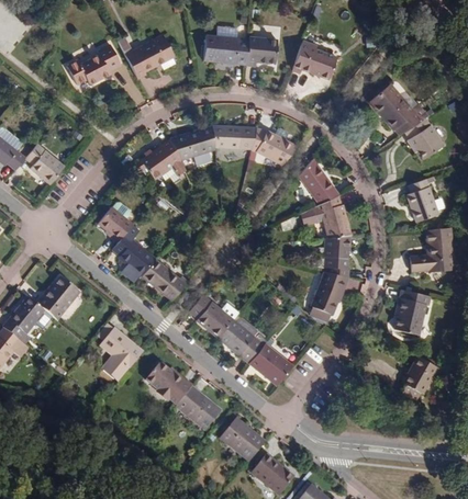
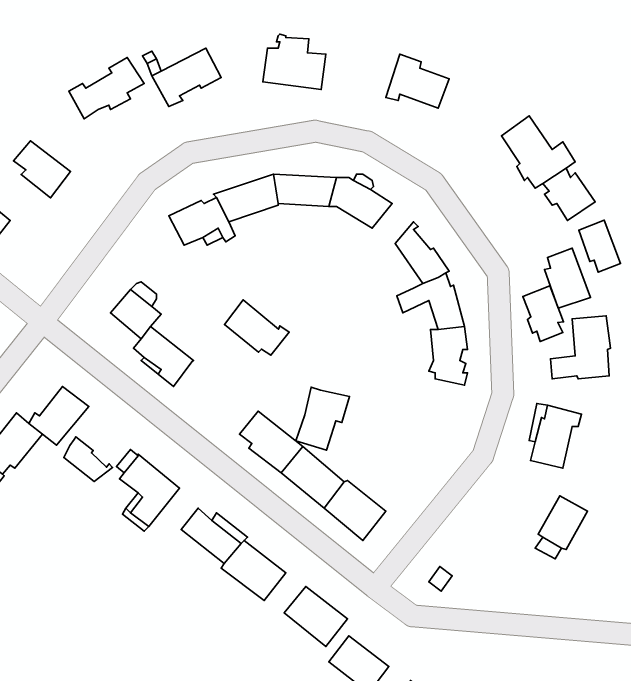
building: [246,36,277,65] -> none
building: [24,144,65,184] -> [14,141,71,198]
building: none -> [579,220,621,272]
building: none -> [523,286,563,342]
building: [141,259,187,298] -> [225,300,289,355]
building: [310,269,348,314] -> [296,387,350,450]
building: none -> [64,437,113,482]

